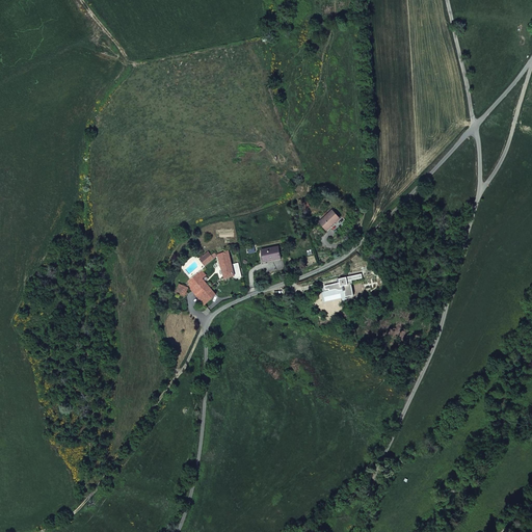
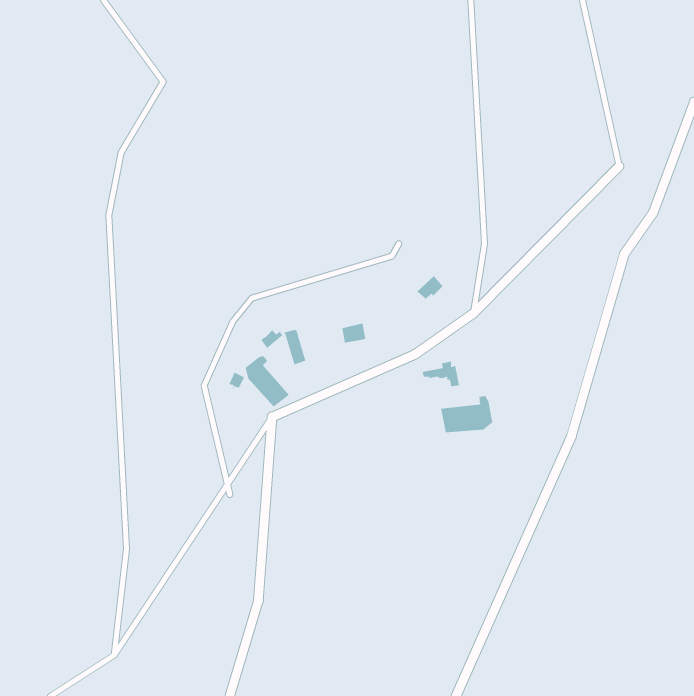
building: none -> [441,395,493,433]

